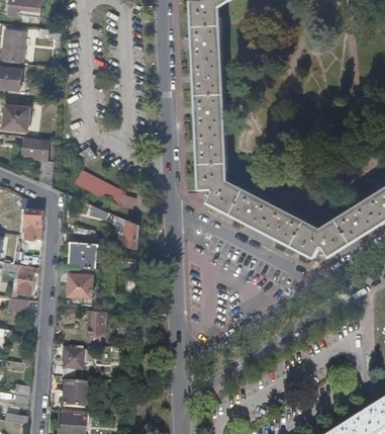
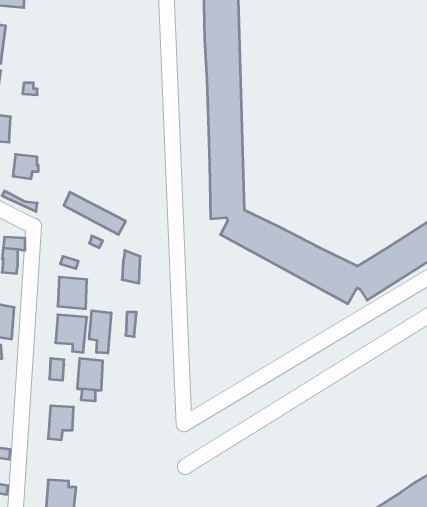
building: none -> [89,311,111,353]
building: [56,381,82,406] -> none

